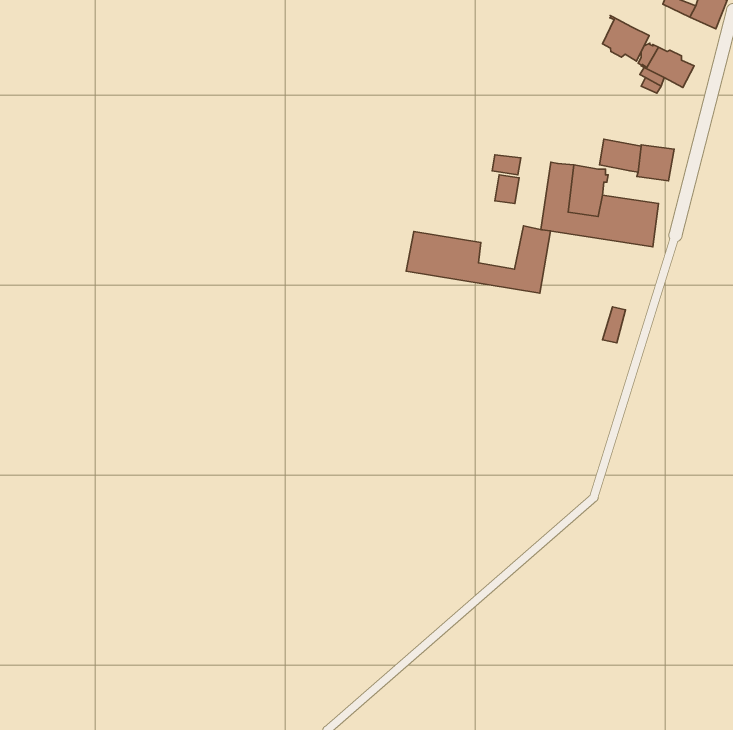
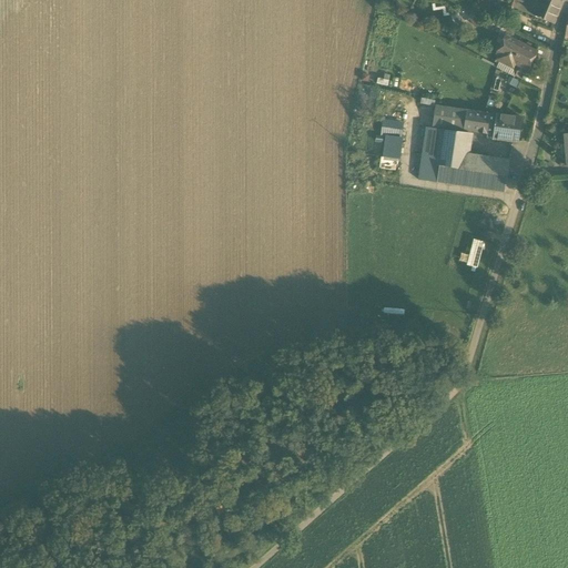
building: [603,15,649,61] -> none
building: none -> [432,103,467,131]
building: [406,226,551,293] -> none

